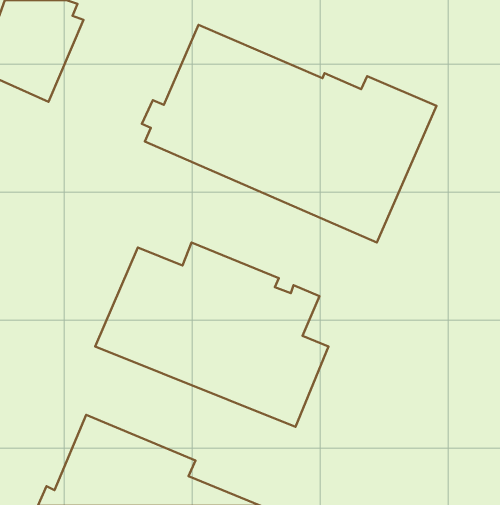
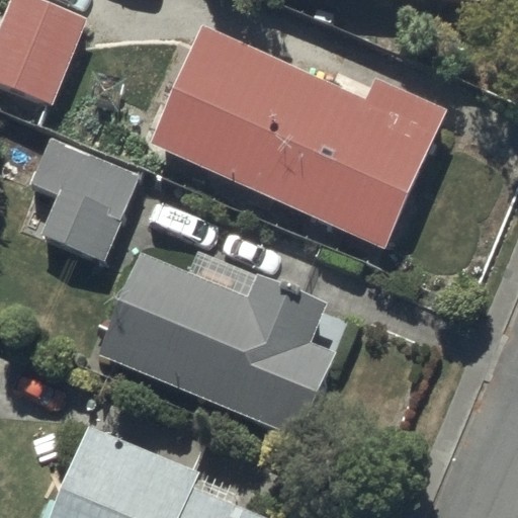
building: none -> [27,130,138,263]

